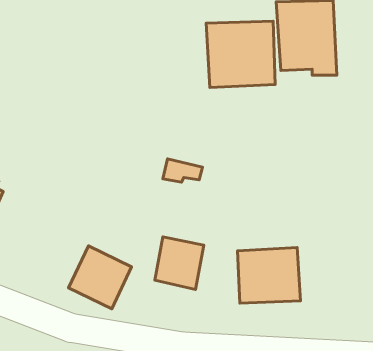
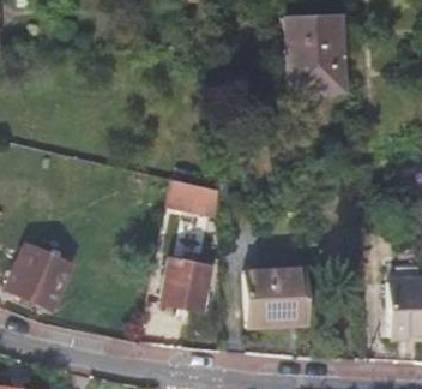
building: [206,21,275,88] -> none
building: [69,246,132,309] -> [7,243,72,307]

